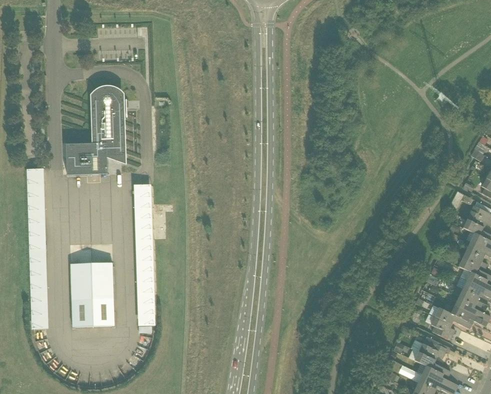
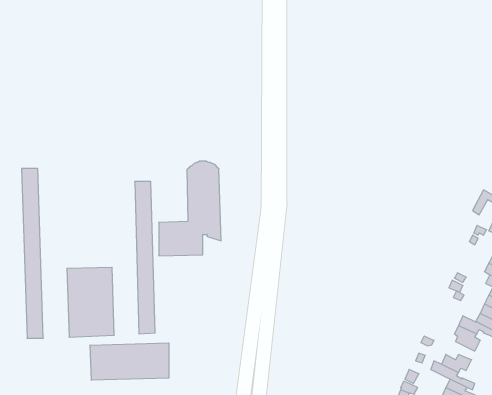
building: [66,87,124,175] -> [159,161,221,256]
building: none -> [90,343,169,380]

